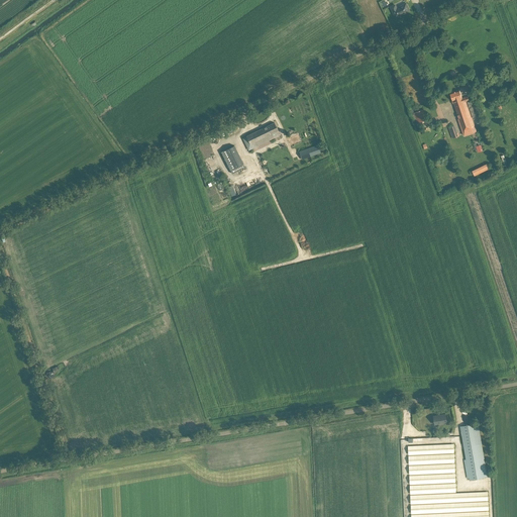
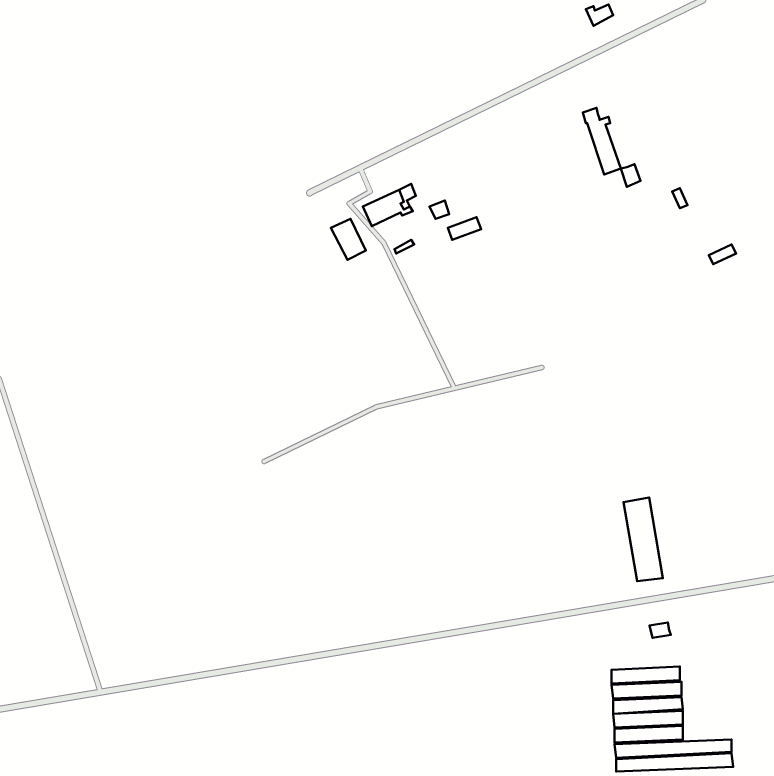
building: [449,90,475,134] -> [583,108,621,175]
building: [459,423,486,479] -> [624,498,663,581]

